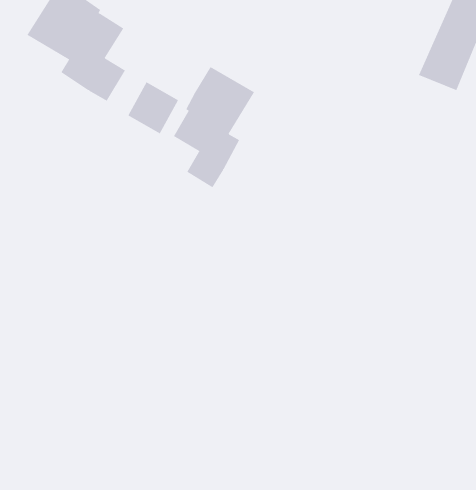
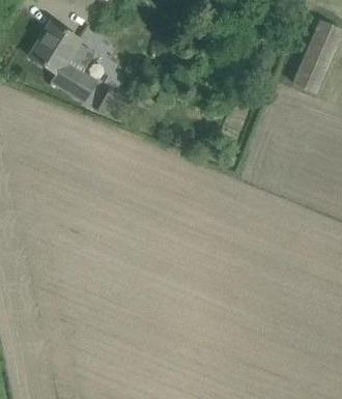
building: [173,66,255,188] -> none

